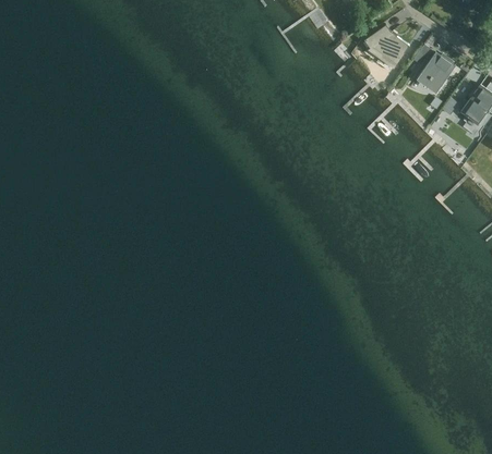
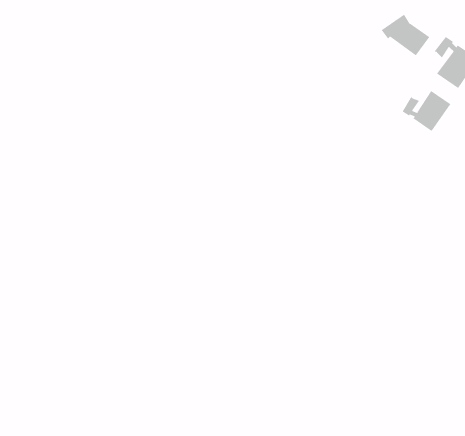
building: none -> [402,90,451,131]

